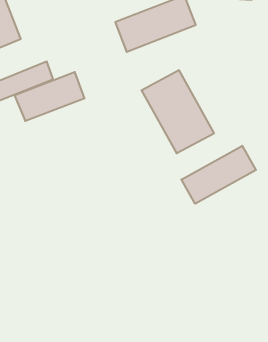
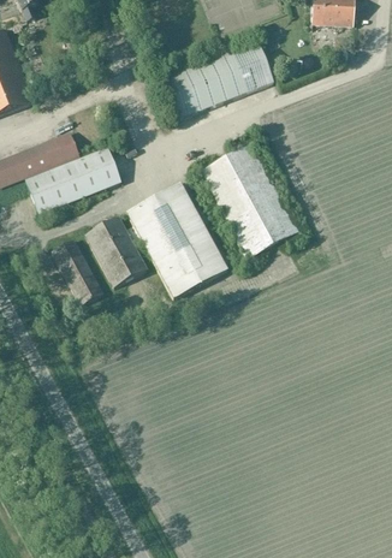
building: none -> [83,183,227,299]
building: none -> [51,238,103,307]
building: [181,146,256,204] -> none

